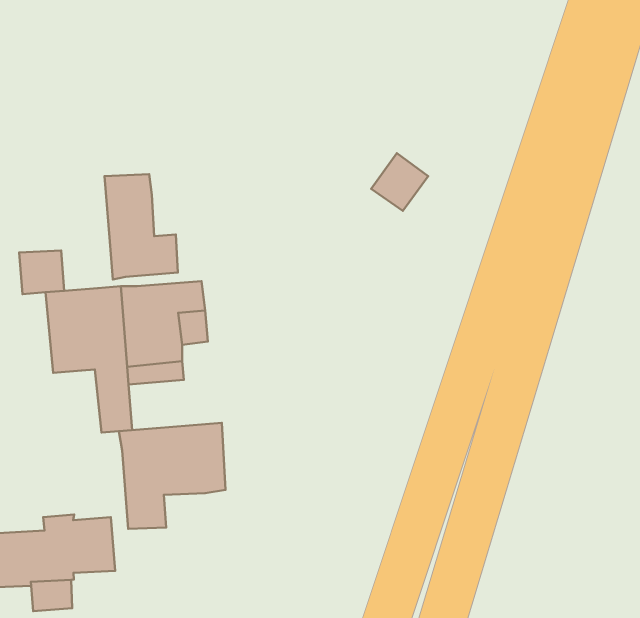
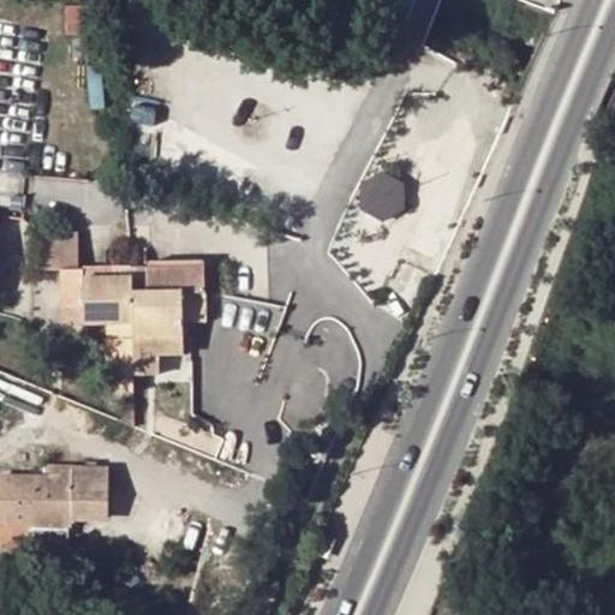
building: [104,174,178,280] -> none
building: [119,423,226,529] -> none

